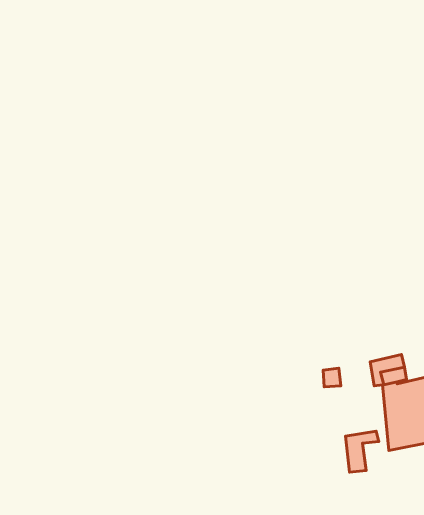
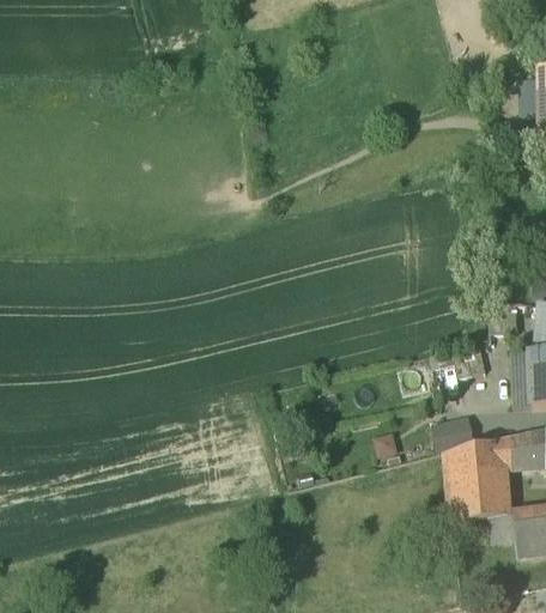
building: [346,431,379,472] -> none

